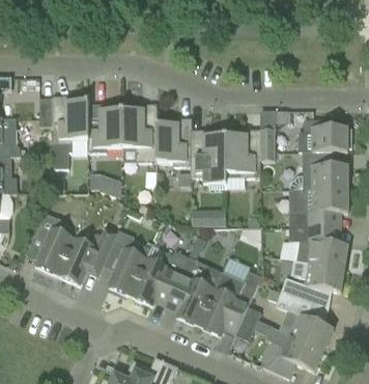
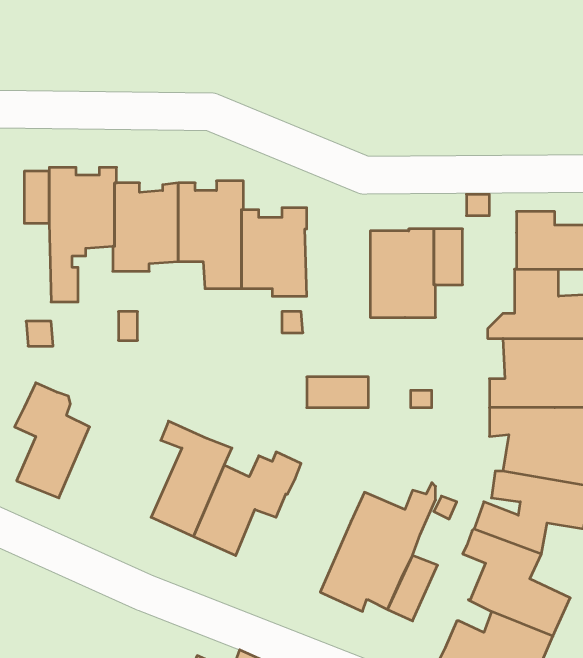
building: [190,130,225,189] -> none
building: [57,228,116,285] -> none
building: [174,256,215,326] -> none

